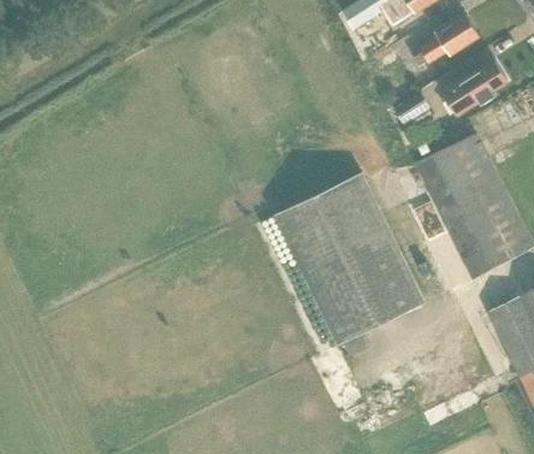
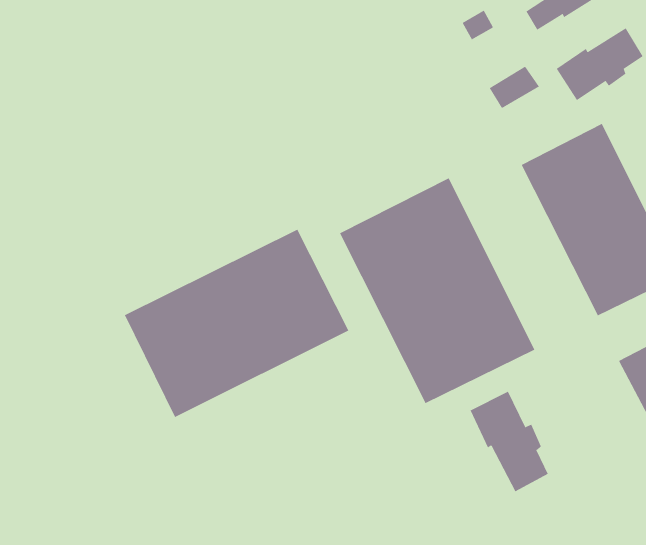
building: none -> [124,229,349,418]
building: none -> [470,391,549,492]

